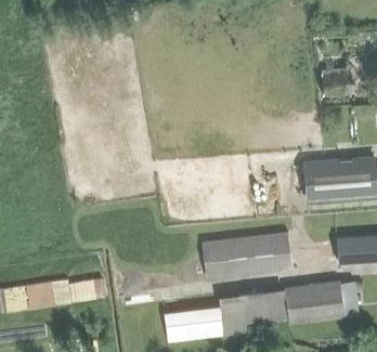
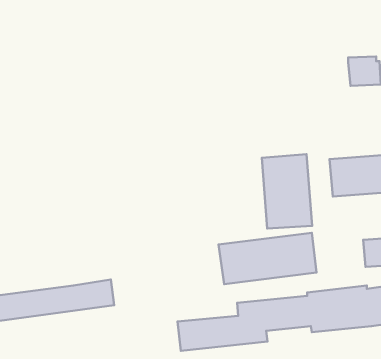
building: none -> [262,154,312,229]

